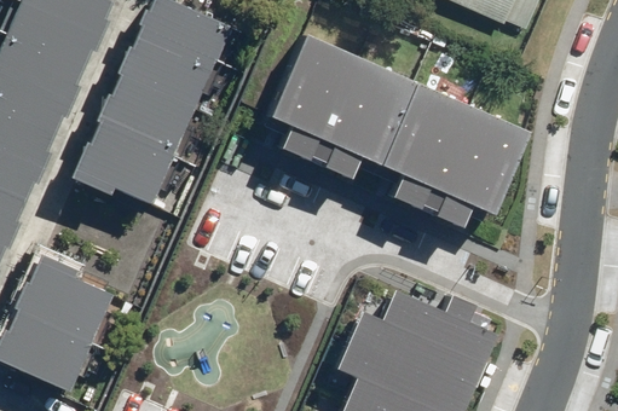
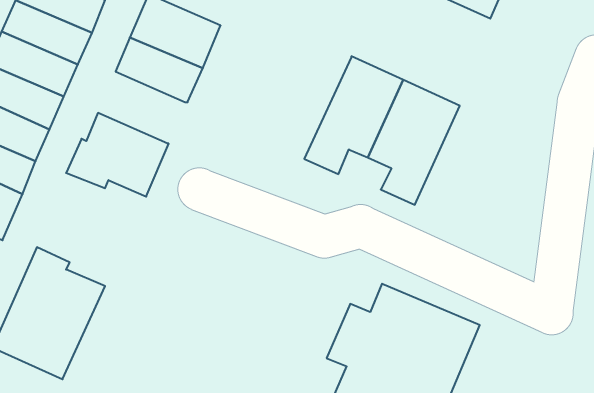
building: [268,34,363,164] -> none
building: [103,75,192,149] -> none
building: [428,110,529,227] -> none

